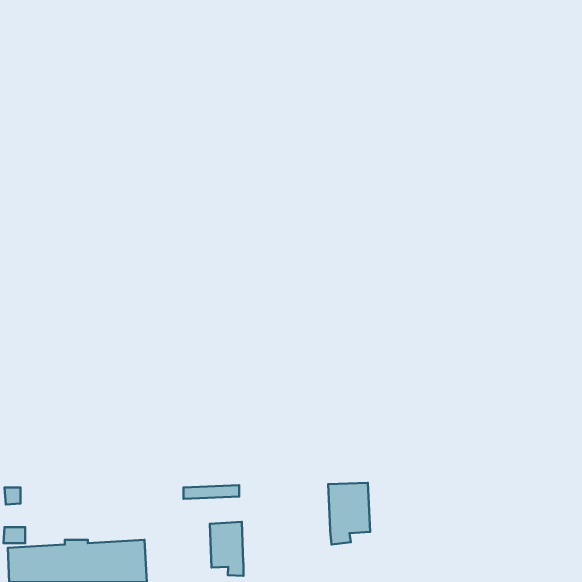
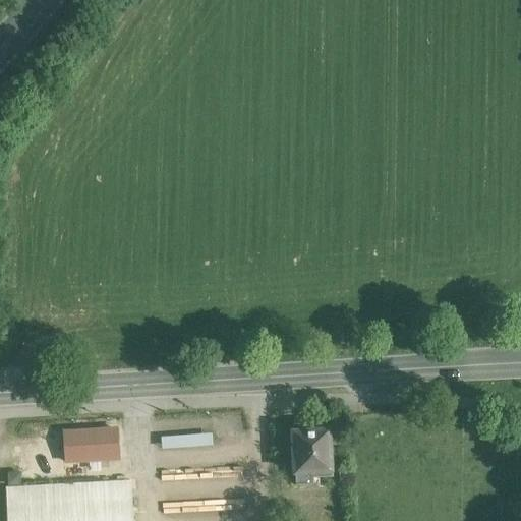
building: none -> [64,430,118,462]
building: [210,522,243,576] -> none

